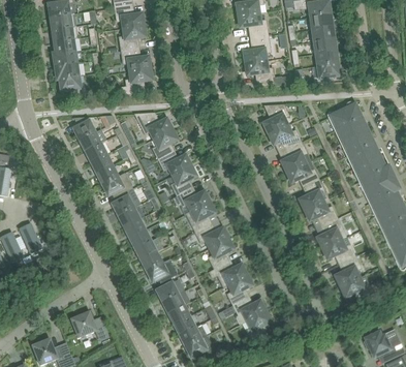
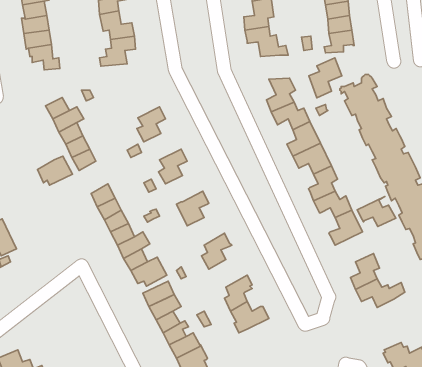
building: none -> [309,58,342,98]
building: [134,112,171,137] -> none
building: [158,151,190,174] -> none
building: [102,172,132,196] -> [38,156,72,185]
building: [173,187,209,210] -> none
building: [195,223,227,247] -> none
building: [322,236,355,262] -> [357,197,396,227]
building: [209,259,247,285] -> none
building: [71,310,107,338] -> none
building: [246,310,271,340] -> none

